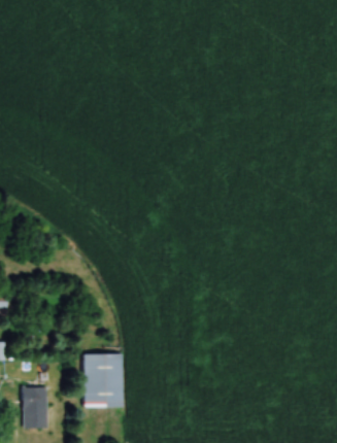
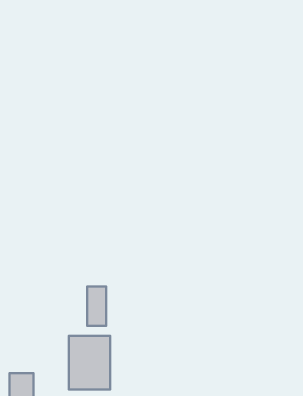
building: none -> [87,286,106,326]

